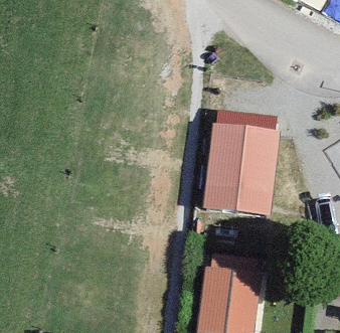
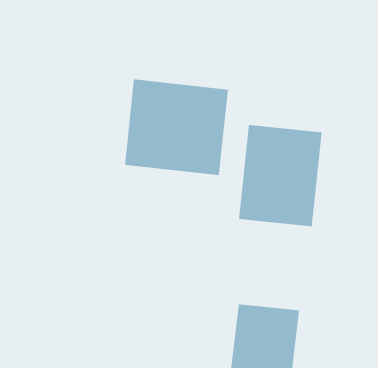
building: none -> [124,79,228,176]

